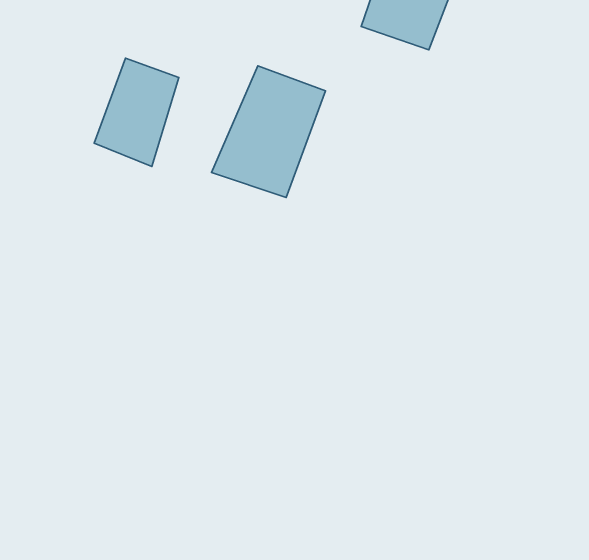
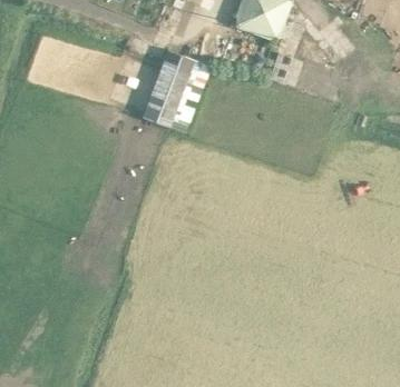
building: [94,58,179,166] -> none

